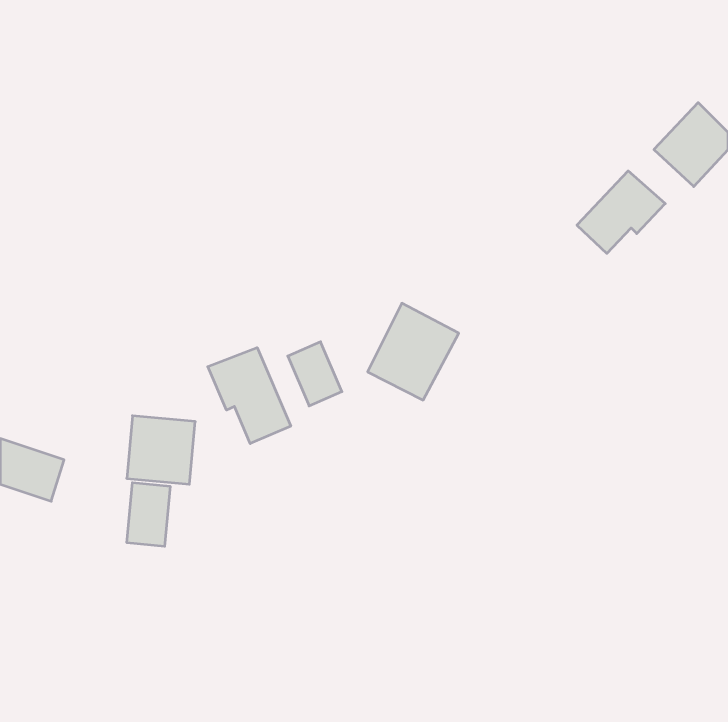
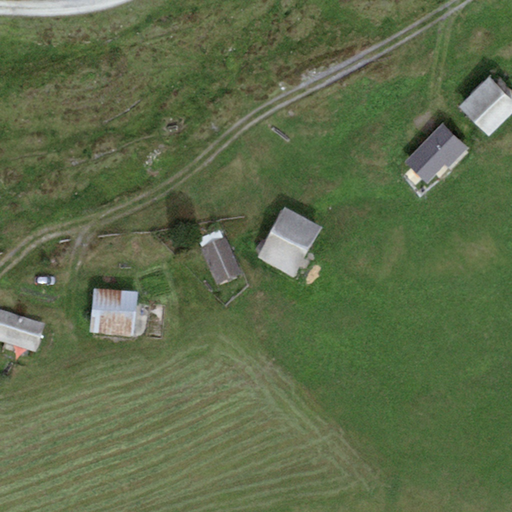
building: [208,348,291,444] -> none
building: [127,483,170,546] -> none

